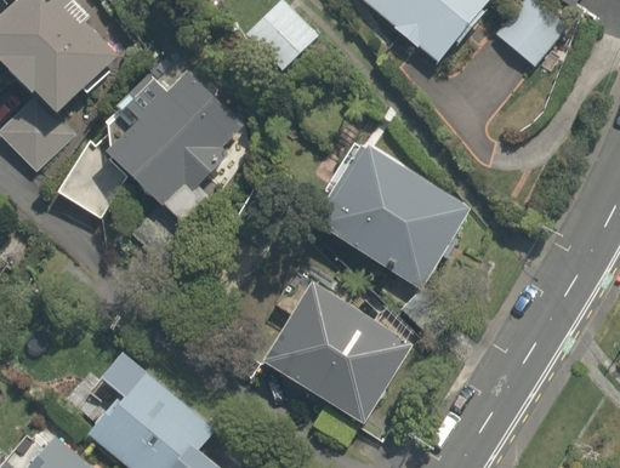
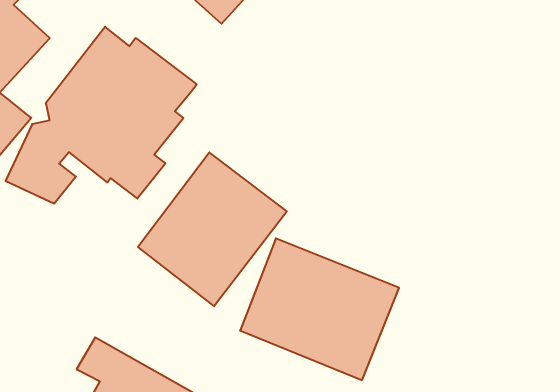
building: [309,141,470,290] -> none
building: none -> [138,152,287,306]

